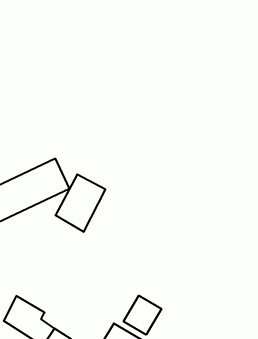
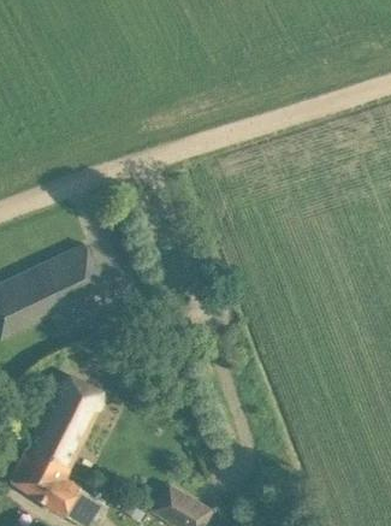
building: [55,174,105,232] -> [28,383,100,466]
building: [124,296,161,335] -> none

